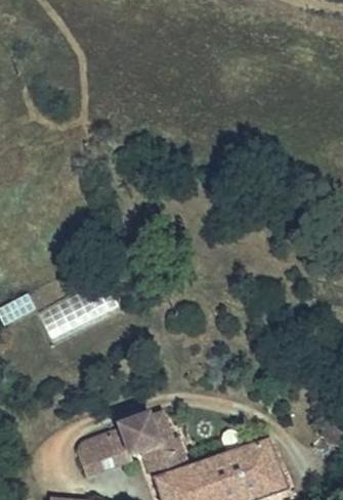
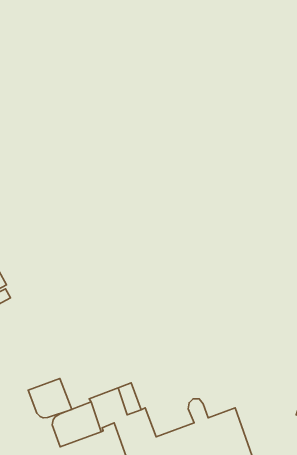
building: none -> [28,379,72,418]

